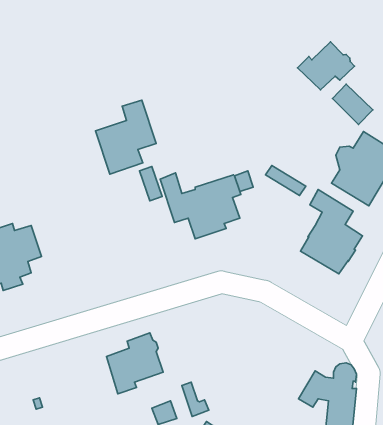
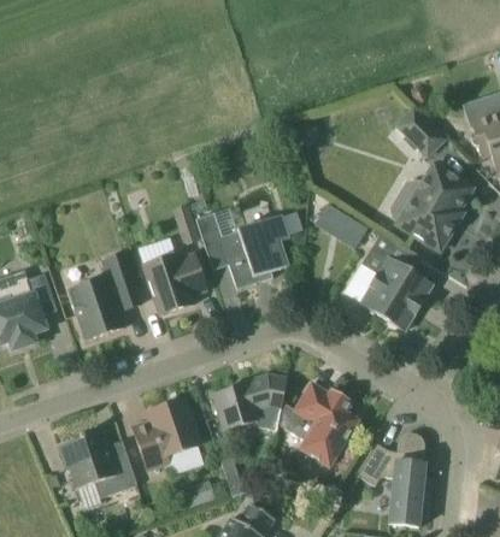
building: [297,42,354,90] -> none
building: [95,100,156,174] -> [69,253,140,340]
building: none -> [142,253,205,315]
building: none -> [212,374,286,430]
building: none -> [295,384,357,466]
building: none -> [58,427,136,497]

